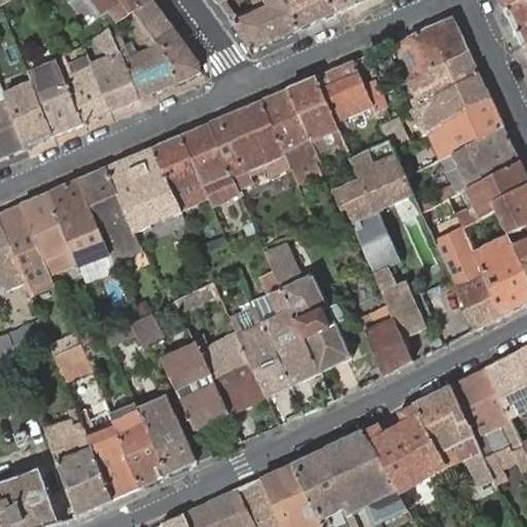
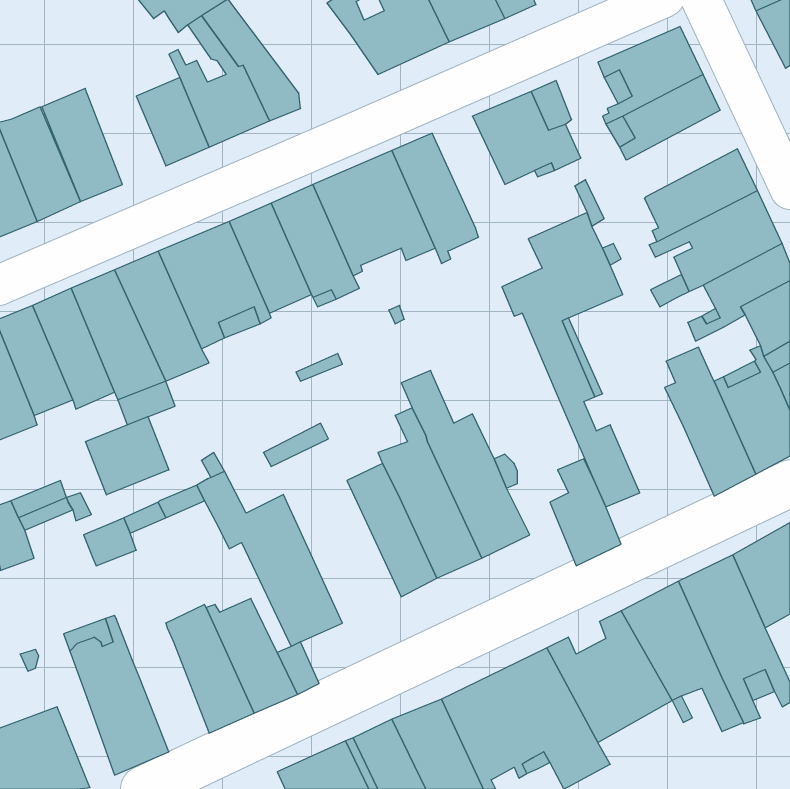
building: [57,54,110,122] -> none
building: [417,73,490,131] -> none
building: [287,77,346,151] -> none
building: none -> [85,417,169,495]
building: [192,330,267,414] -> none
building: [77,409,139,499] -> none

